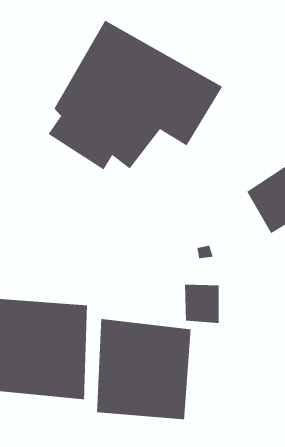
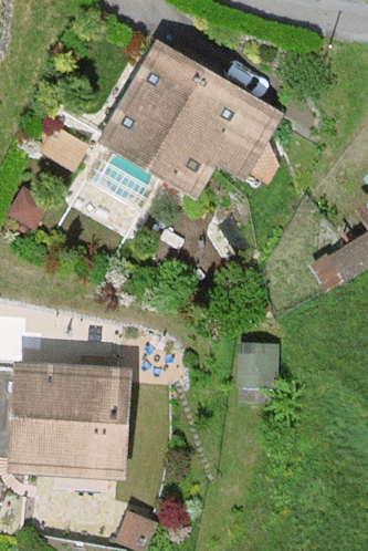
building: [96,318,191,420] -> none

